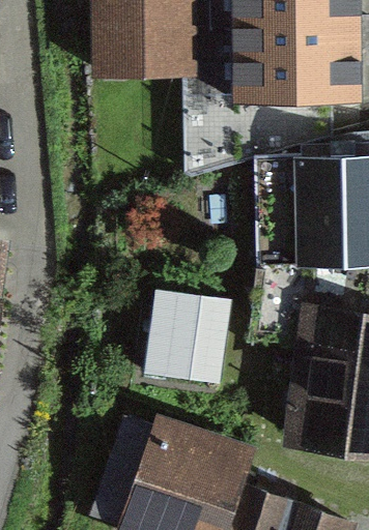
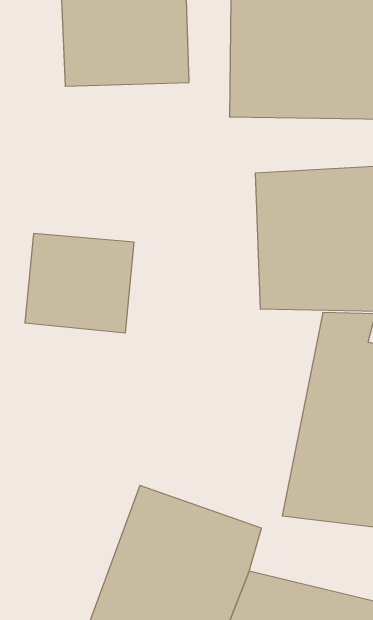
building: [137,295,229,379] -> [25,234,134,333]

